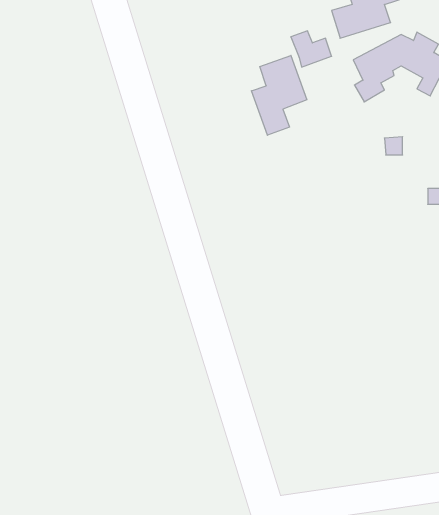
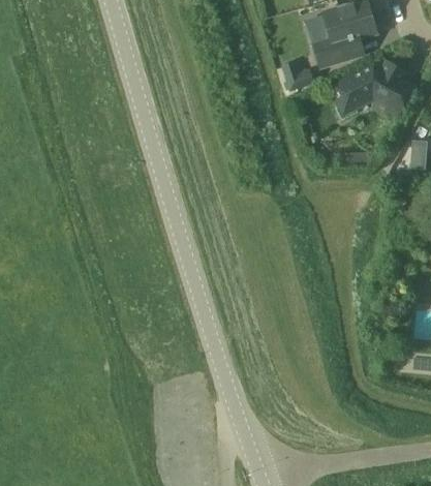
building: [251,55,307,135] -> none

